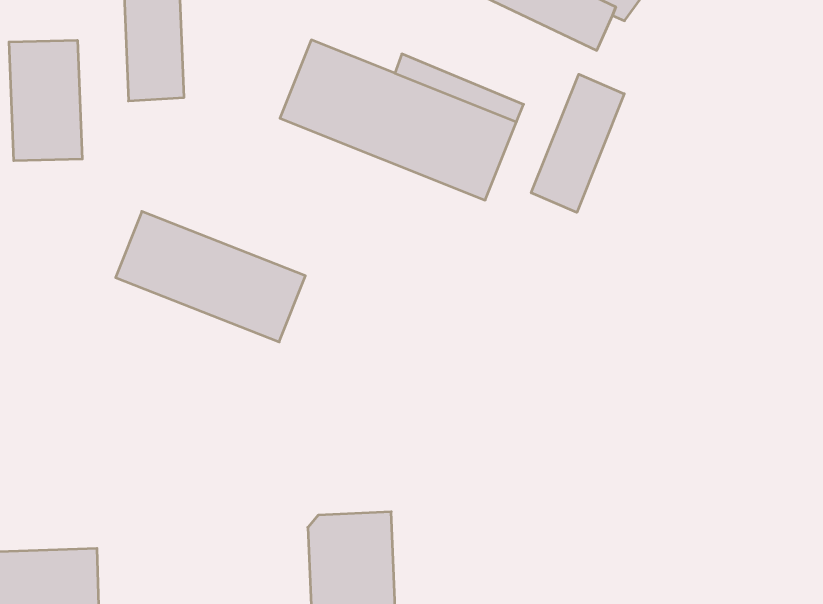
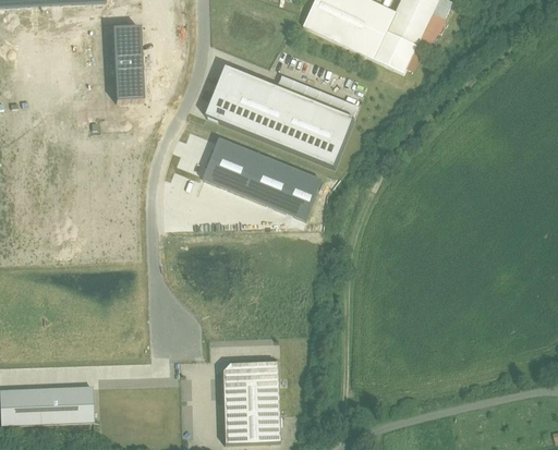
building: [9,40,82,161] -> none
building: [531,74,624,212] -> none
building: [116,211,305,342] -> [203,136,322,218]

